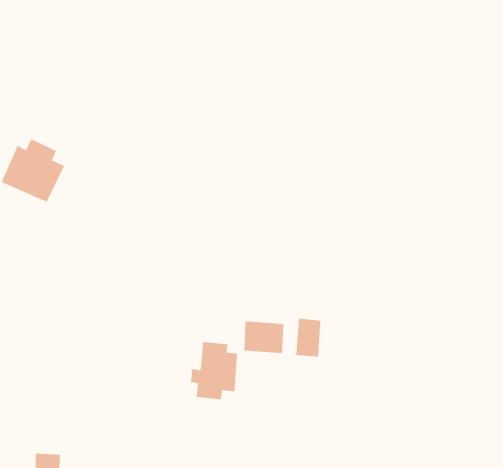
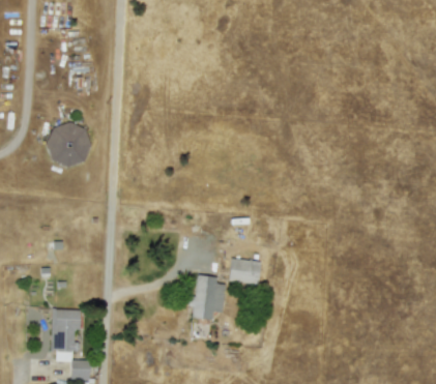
building: [296,318,321,358] -> none
building: none -> [51,308,80,351]

